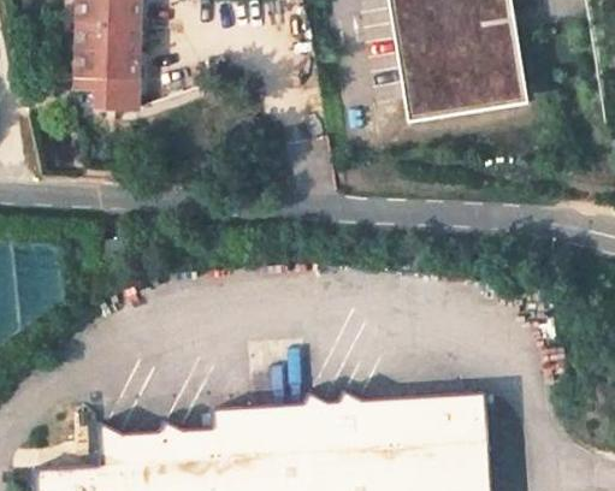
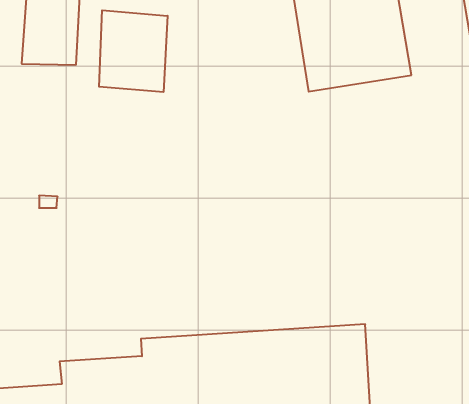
building: none -> [99,10,168,92]

